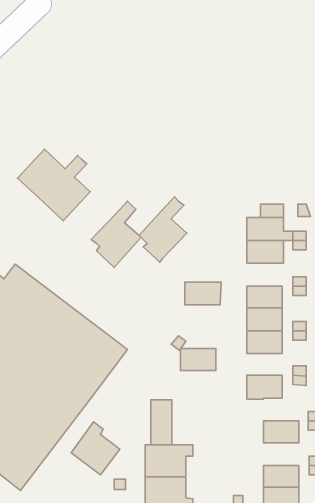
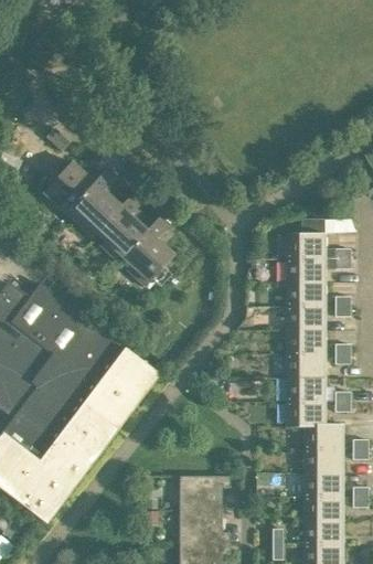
building: [139,197,187,262] -> [95,191,146,260]
building: [185,282,221,305] -> [286,281,324,306]
building: [181,349,216,370] -> [286,377,323,401]
building: none -> [303,424,341,449]
building: [151,400,172,445] -> none
building: [71,422,120,475] -> none
building: none -> [303,472,341,497]

